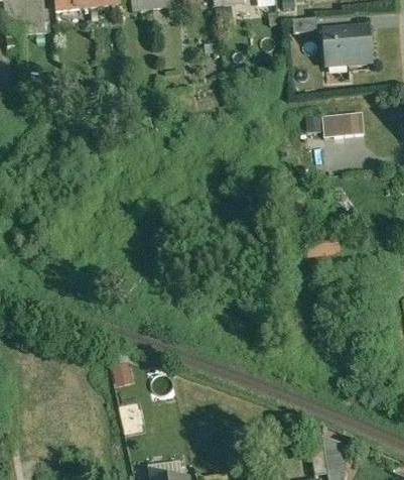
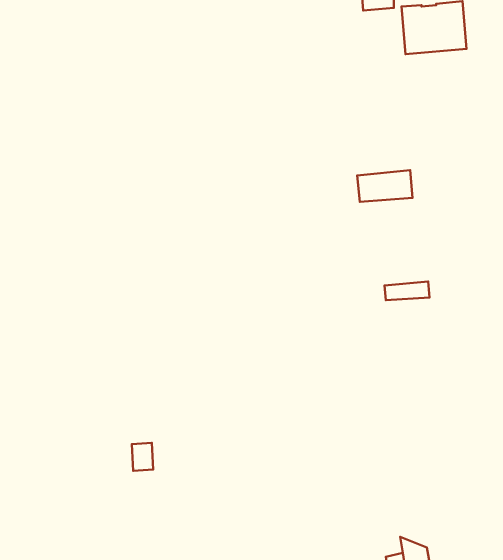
building: [320,111,363,135] -> [357,170,413,202]

